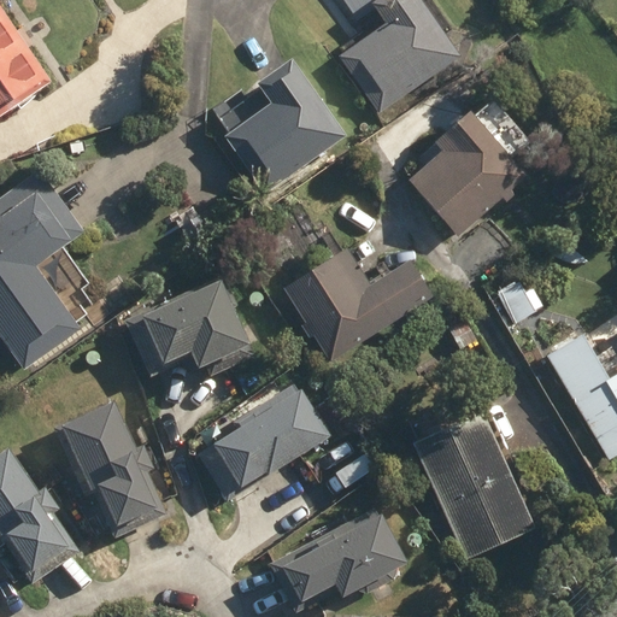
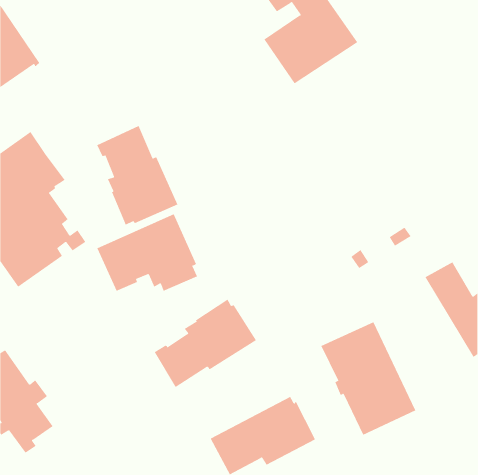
building: [227,61,343,192] -> none
building: [410,99,533,236] -> none
building: none -> [97,125,178,226]
building: [283,251,431,362] -> none
building: [54,400,166,537] -> none

